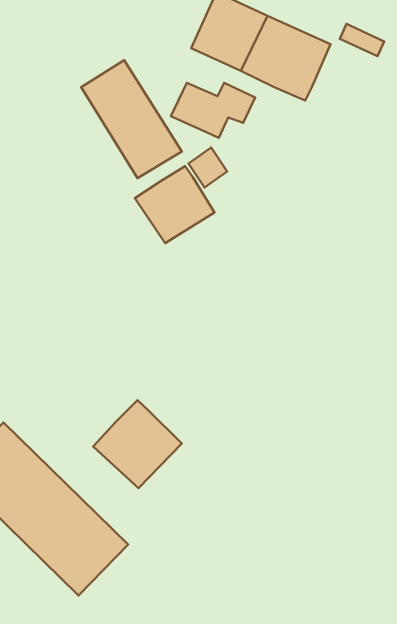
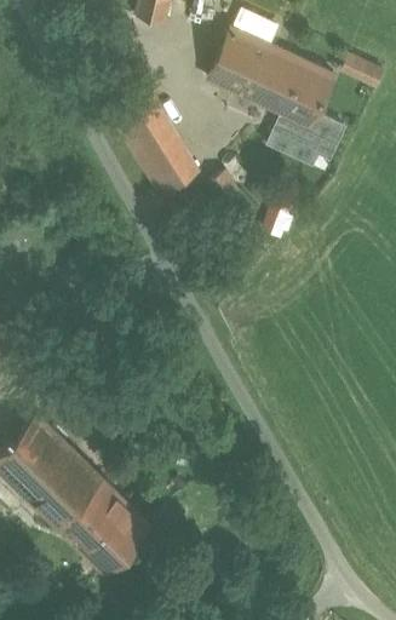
building: [171,83,255,138] -> [269,115,345,165]
building: [135,166,214,243] -> none
building: [93,400,182,488] -> none

